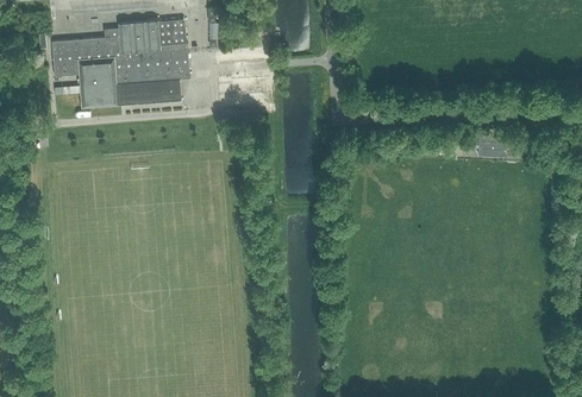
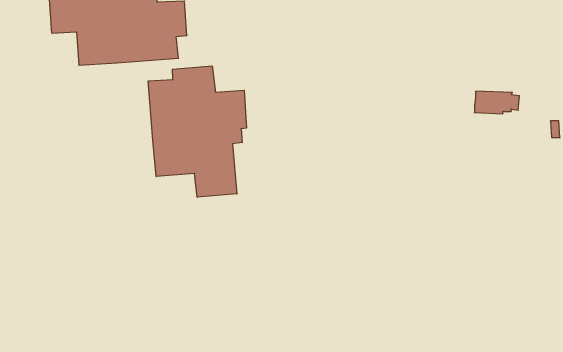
building: none -> [148,66,246,197]

